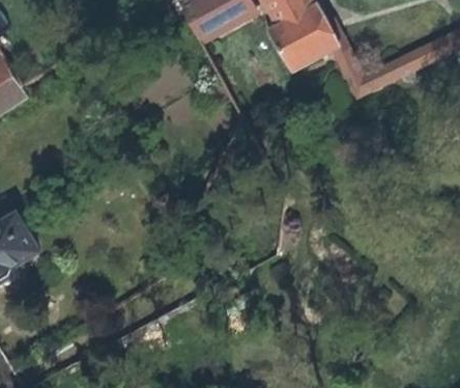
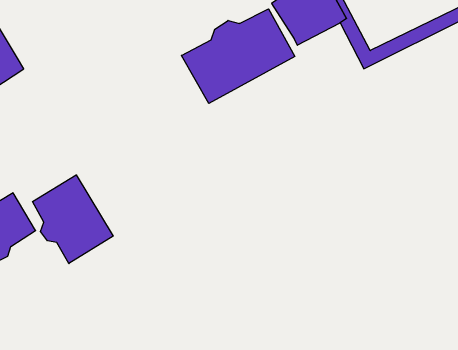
building: none -> [181,9,295,103]
building: none -> [33,175,113,264]

